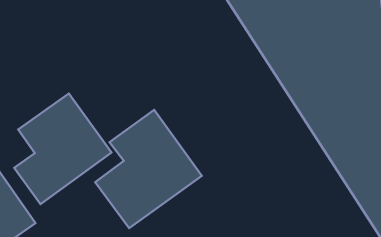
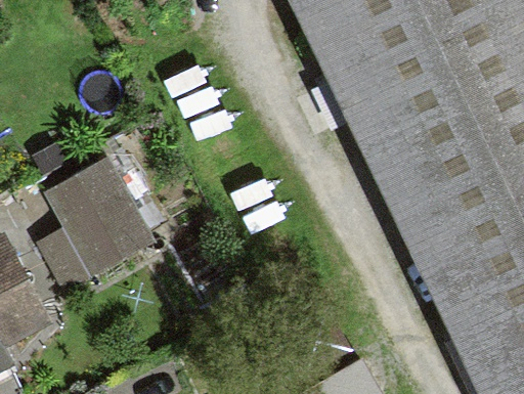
building: [95,110,202,228] -> none

